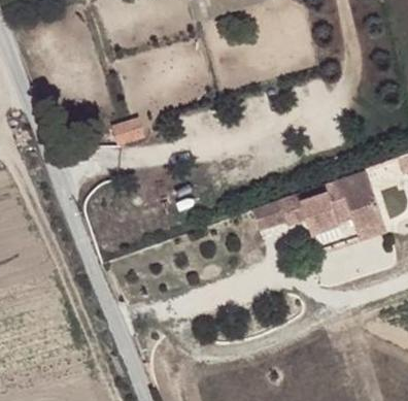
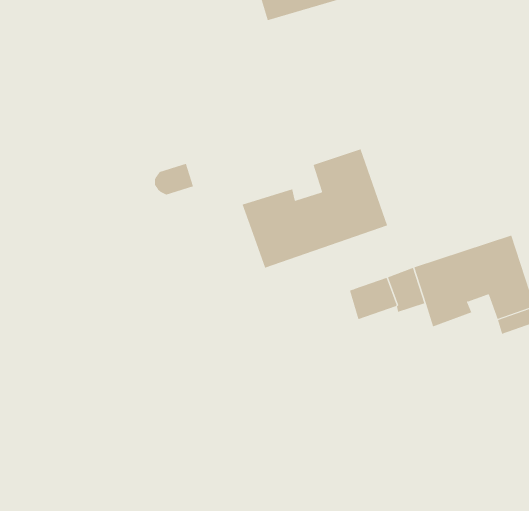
building: none -> [242,149,388,268]

